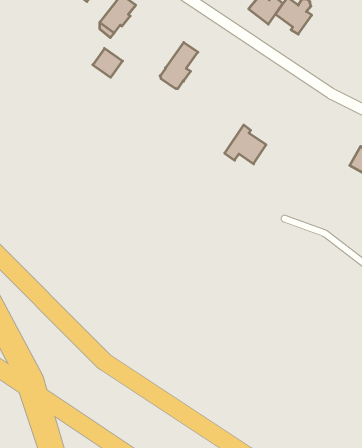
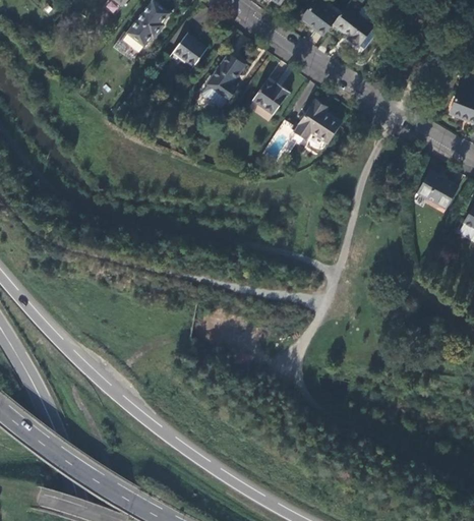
building: [93,48,123,77] -> [172,35,205,67]
building: none -> [251,80,288,115]
building: [225,125,266,164] -> [293,101,340,144]

